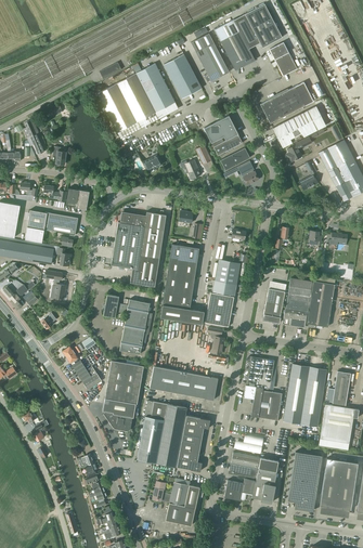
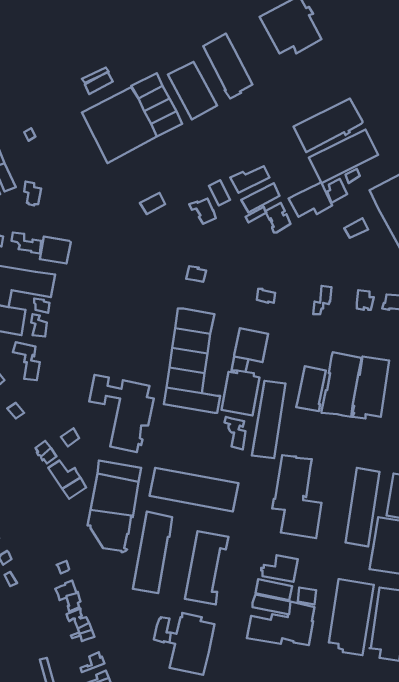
building: [213,19,255,70] -> none
building: [270,42,297,76] -> none
building: [204,115,237,142] -> [289,182,332,217]
building: [111,211,166,286] -> none
building: [283,364,309,423] -> [252,381,286,458]
building: [156,404,186,466] -> none

